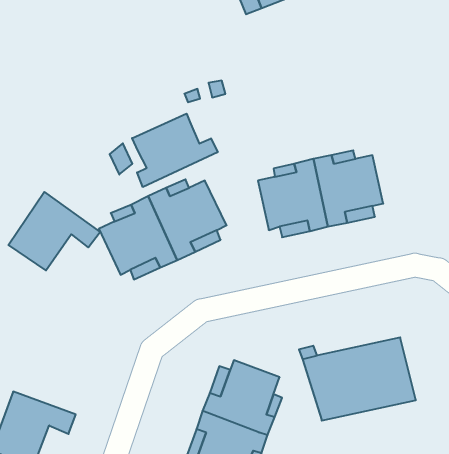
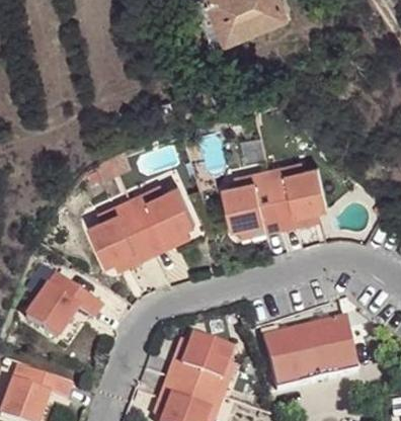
building: [132,114,218,187] -> none
building: [8,192,100,270] -> [23,270,100,336]

